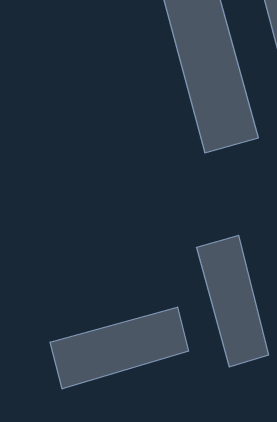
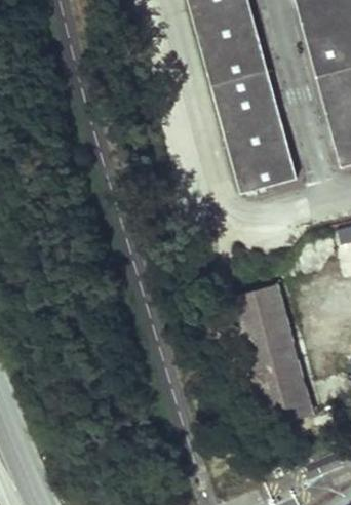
building: [50,307,188,389] -> none

